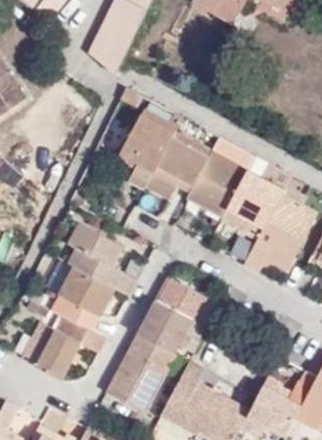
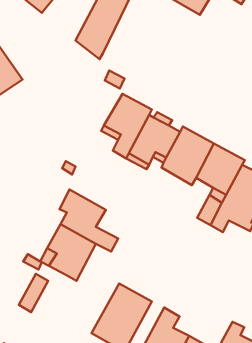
building: [138,282,206,352] -> none
building: [37,321,105,378] -> none

